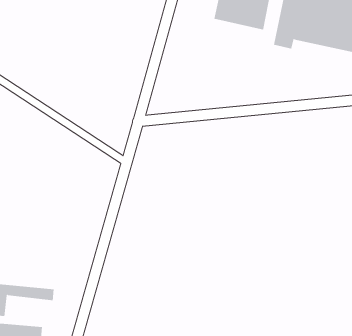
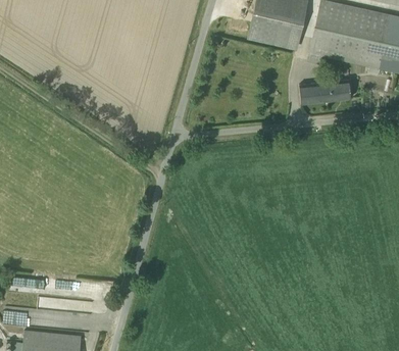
building: none -> [298,80,350,104]

